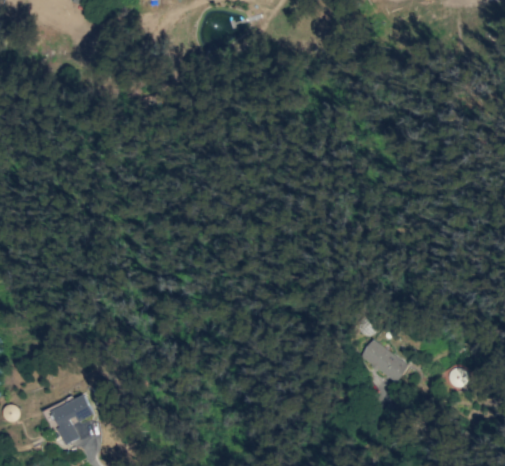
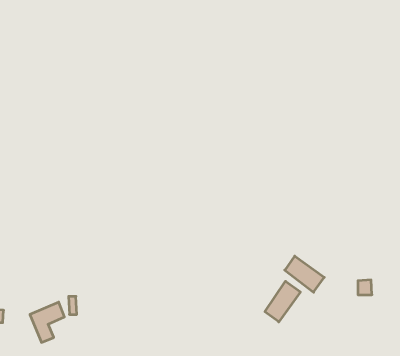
building: none -> [265,281,300,322]

